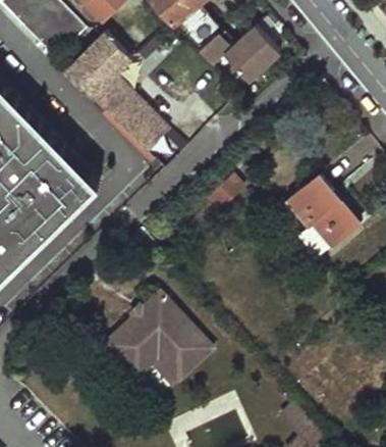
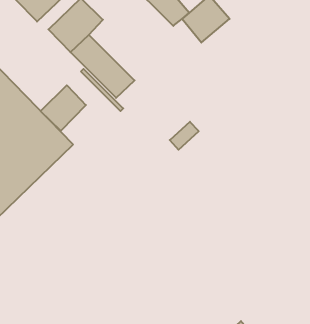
building: none -> [41,85,86,131]
building: [287,167,361,252] -> none
building: [104,288,213,377] -> none

